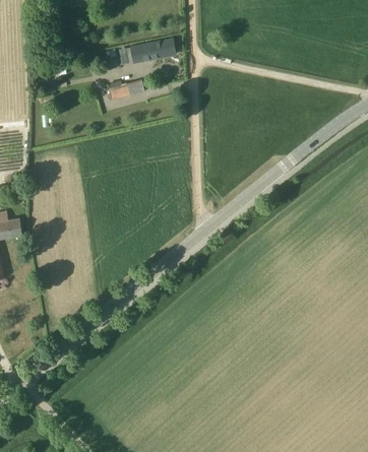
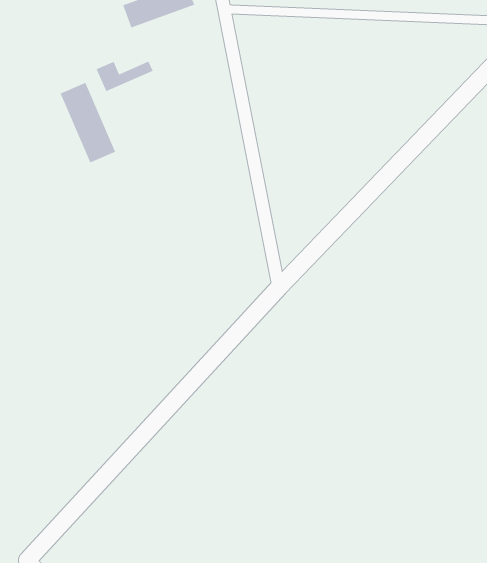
building: none -> [59,82,116,163]

